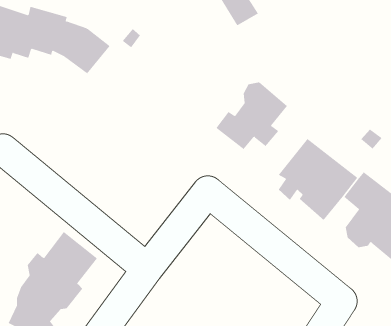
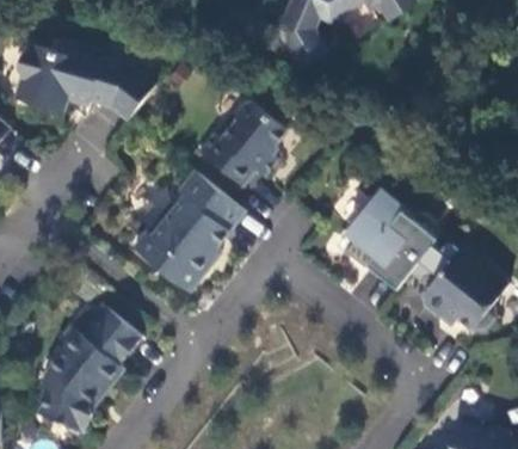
building: [216,82,288,150] -> [203,104,285,182]
building: none -> [128,165,238,289]

